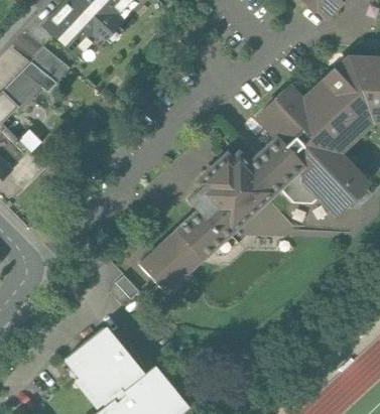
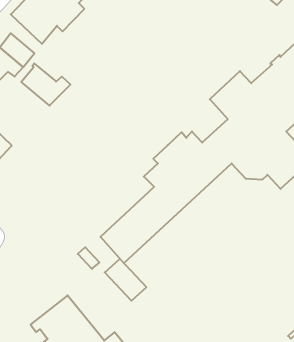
building: none -> [21,63,70,106]
building: none -> [105,259,146,301]

